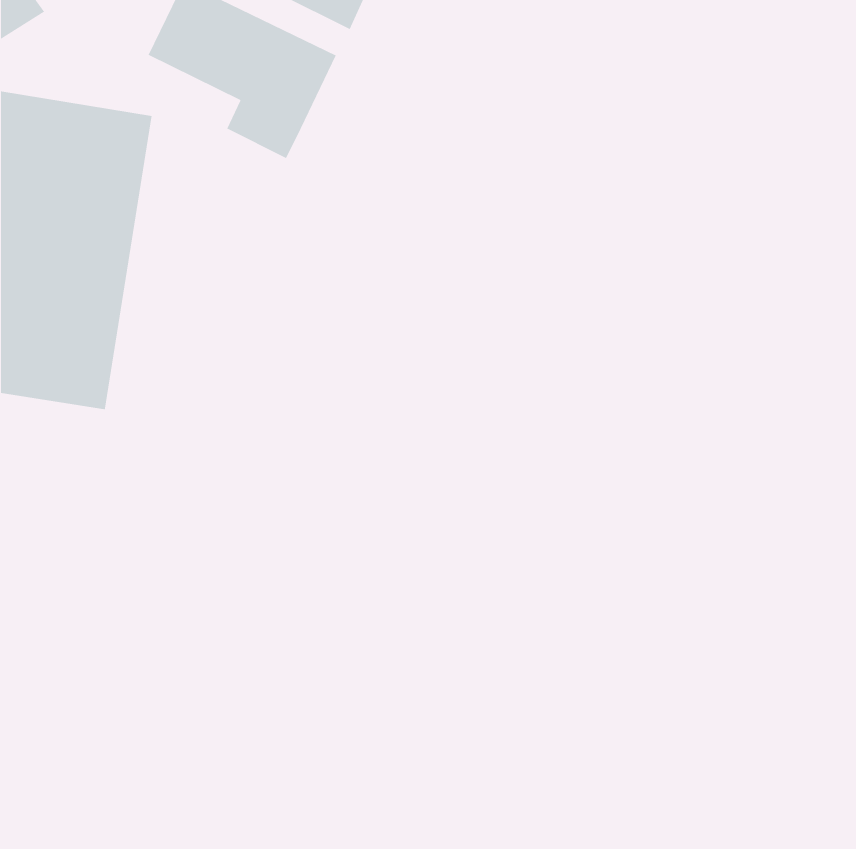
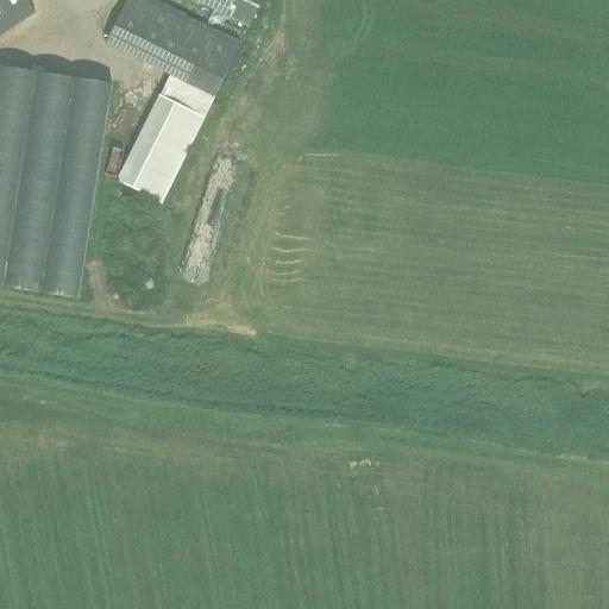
building: none -> [119,92,203,197]

